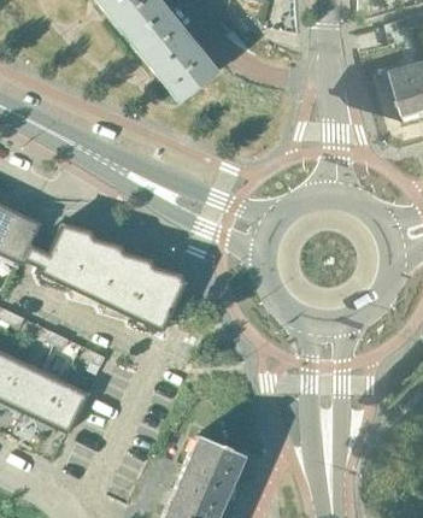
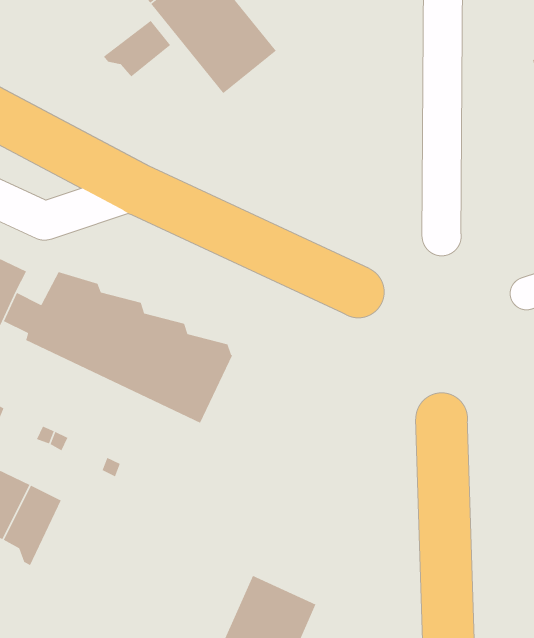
building: none -> [103,20,171,77]
building: [42,379,88,430] -> none

